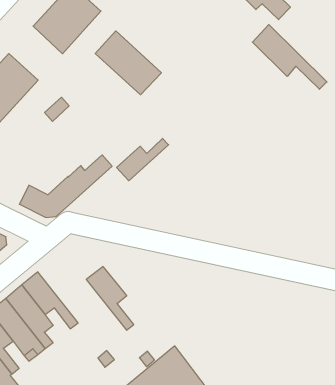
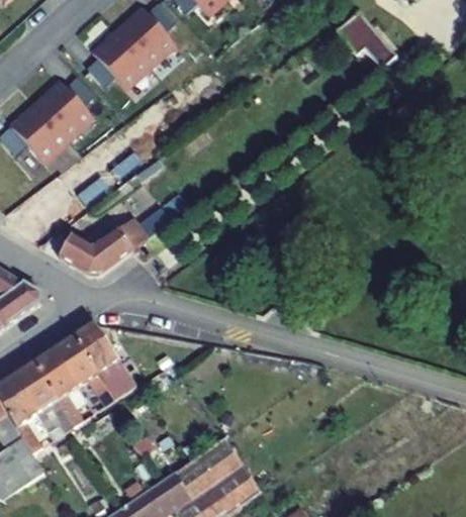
building: [252,25,327,89] -> none
building: [95,31,161,95] -> none
building: [117,138,169,181] -> none
building: [86,267,134,330] -> [72,323,122,400]

